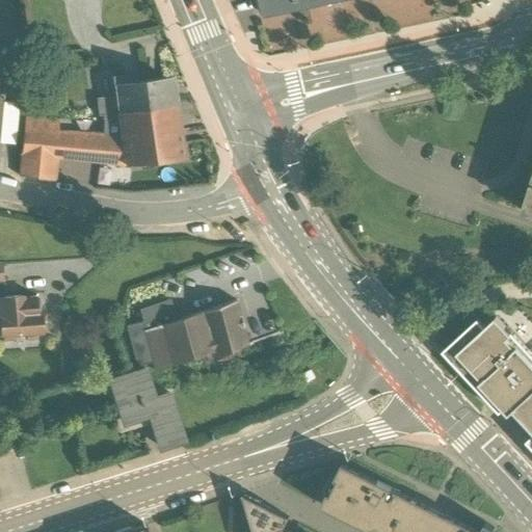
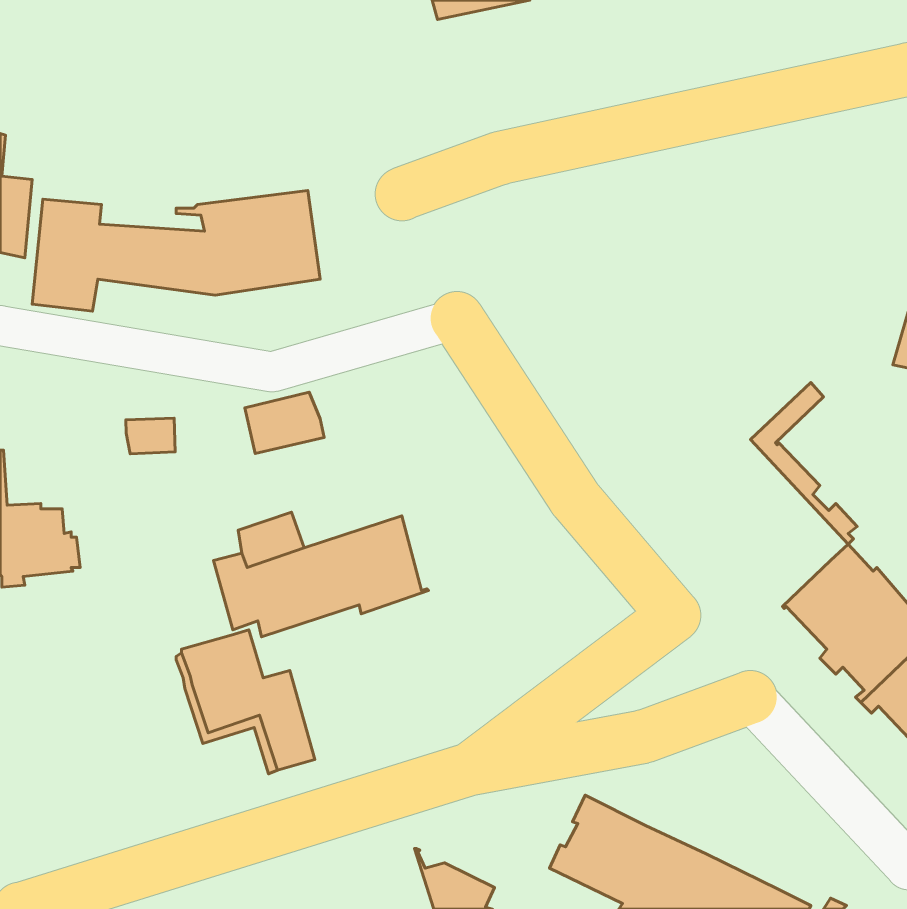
building: [98,78,181,122] -> none
building: none -> [245,392,324,453]
building: none -> [126,418,175,454]
building: [444,319,506,414] -> [750,382,857,544]

